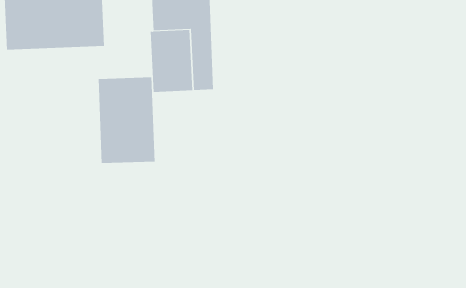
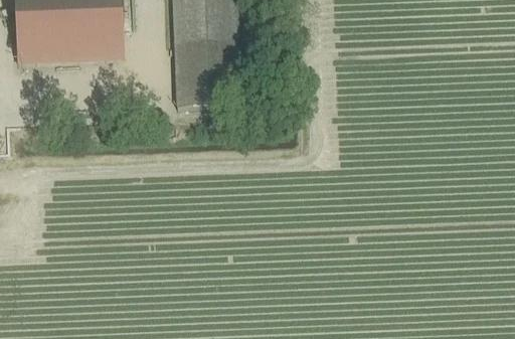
building: [98,77,155,164] -> none

